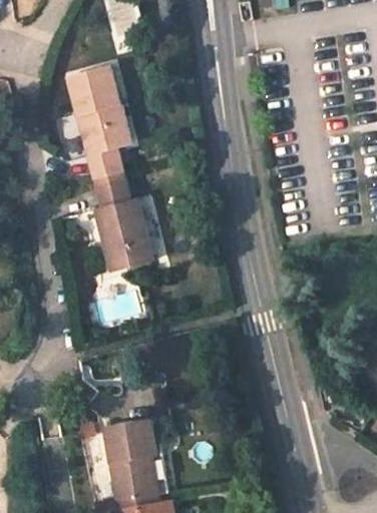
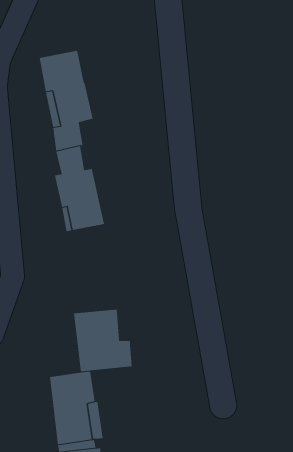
building: none -> [74,309,132,372]

